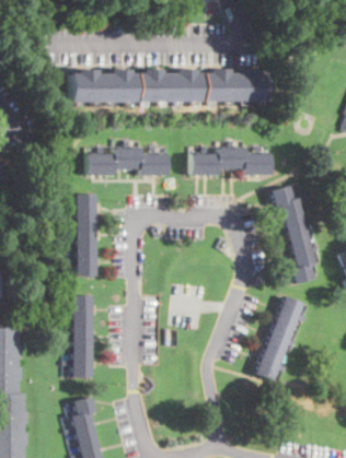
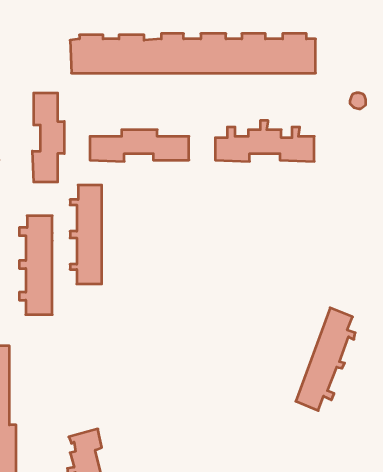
building: none -> [32,93,64,182]
building: [272,187,321,284] -> none
building: [66,296,93,378] -> [19,216,52,315]

